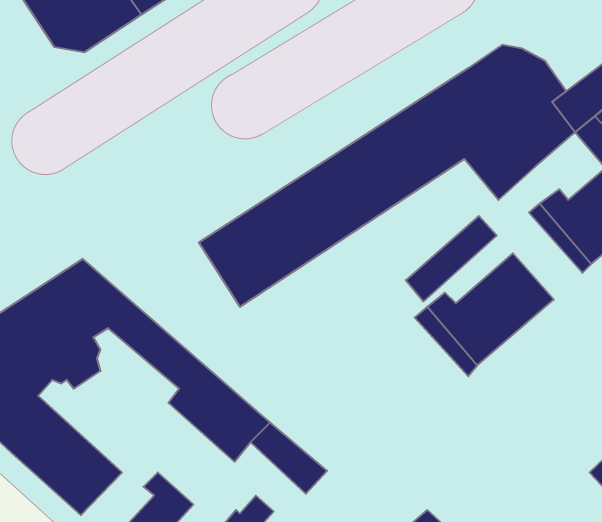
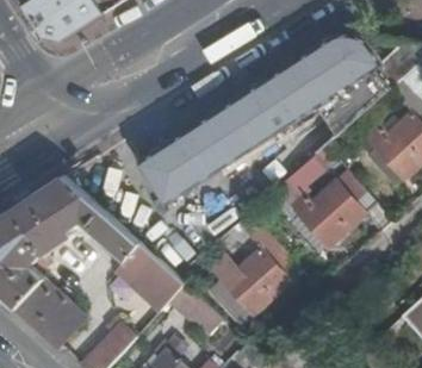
building: none -> [211,213,298,323]

